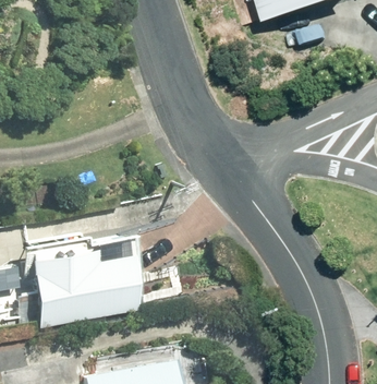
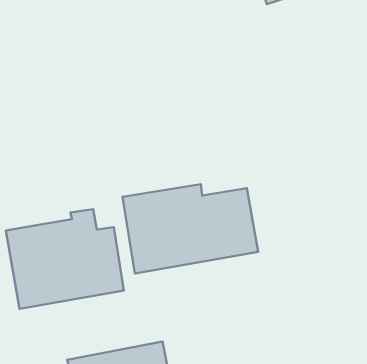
building: none -> [123,184,258,273]

